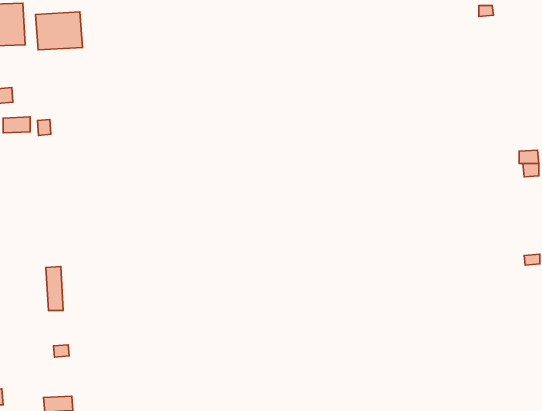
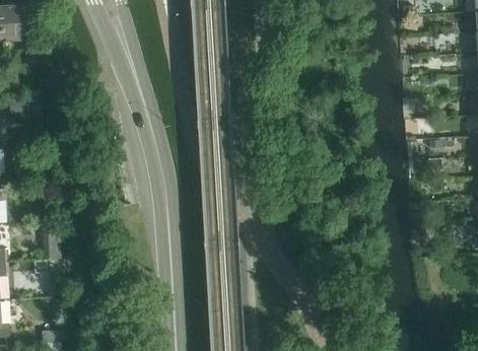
building: [35,12,83,50] -> none

